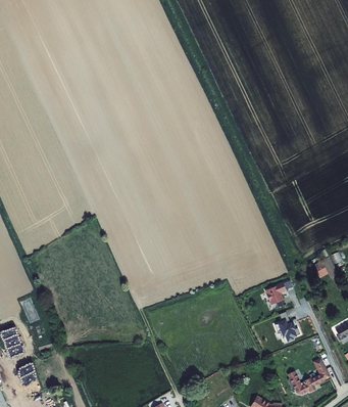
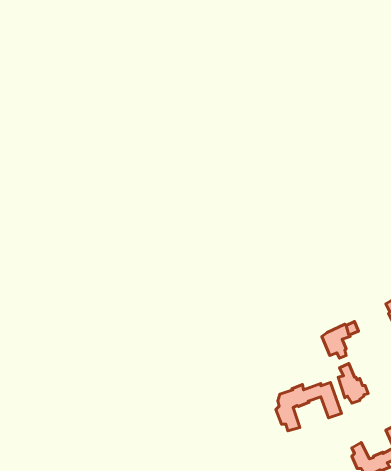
building: none -> [276,383,341,431]

